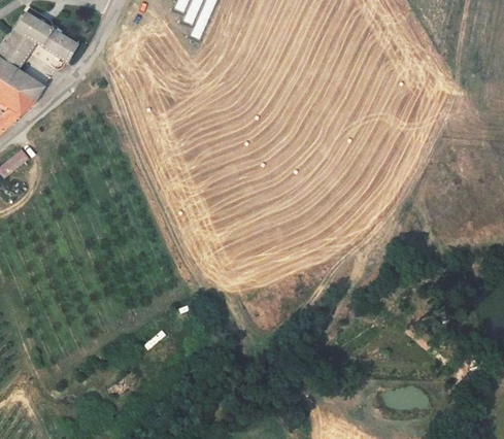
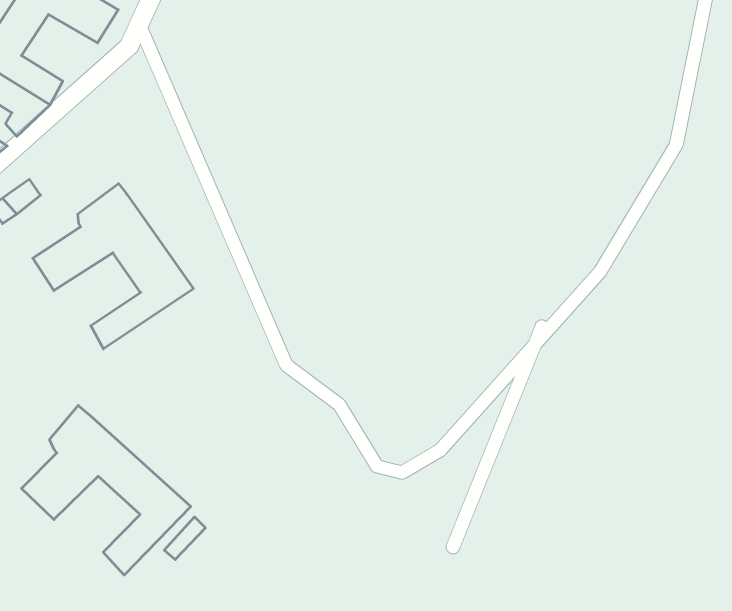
building: none -> [33,184,193,349]
building: none -> [21,405,191,575]

